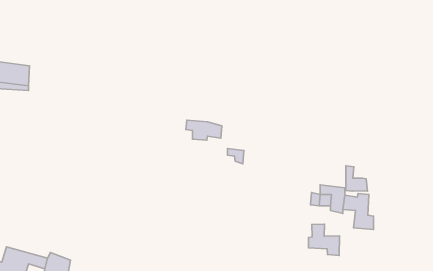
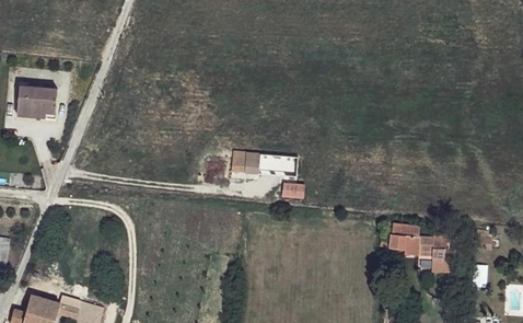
building: [346,166,368,191] -> none
building: [308,224,340,256] -> none

